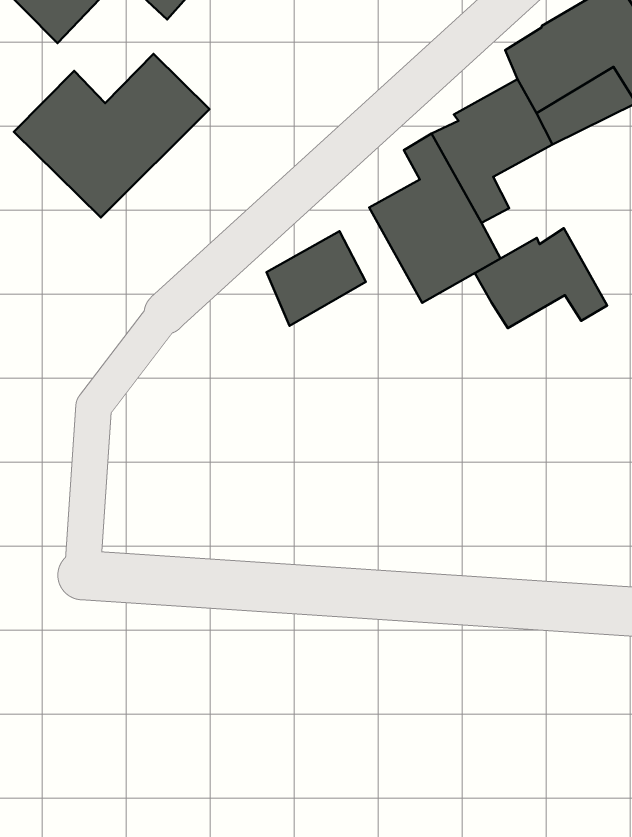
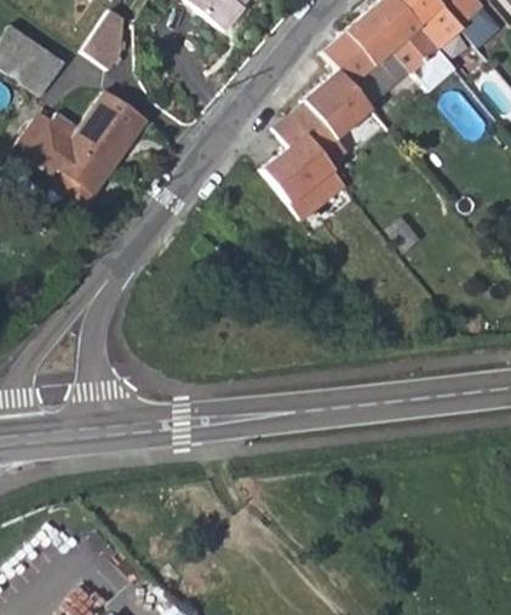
building: [475,228,607,328] -> none
building: [267,231,366,326] -> none

